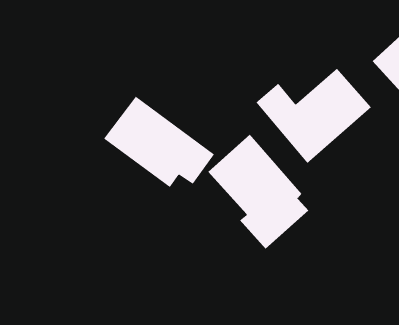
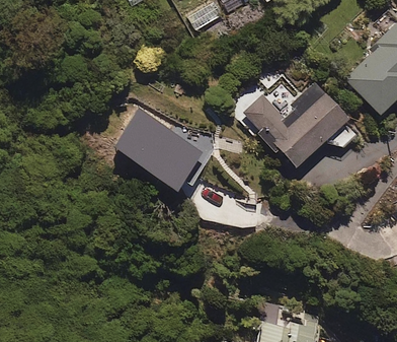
building: [208,134,309,249] -> none

